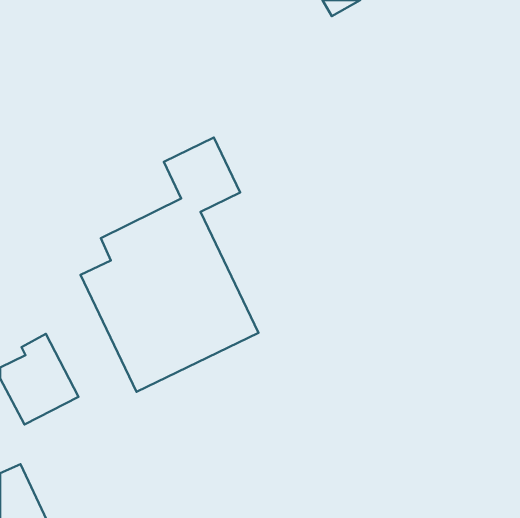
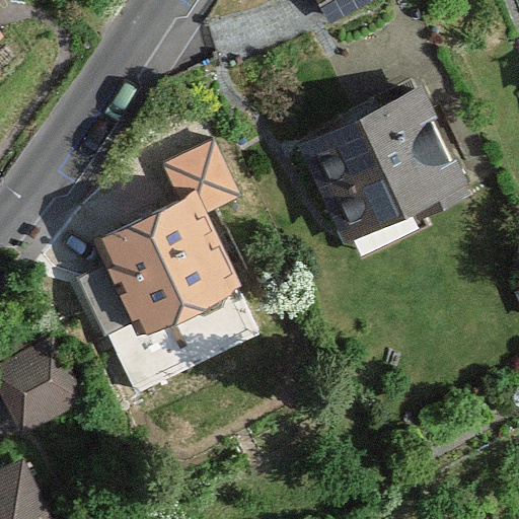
building: none -> [307,92,462,228]

